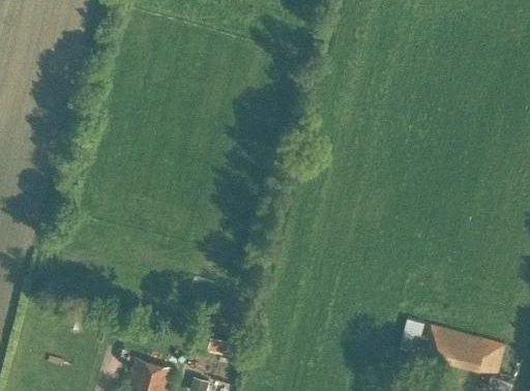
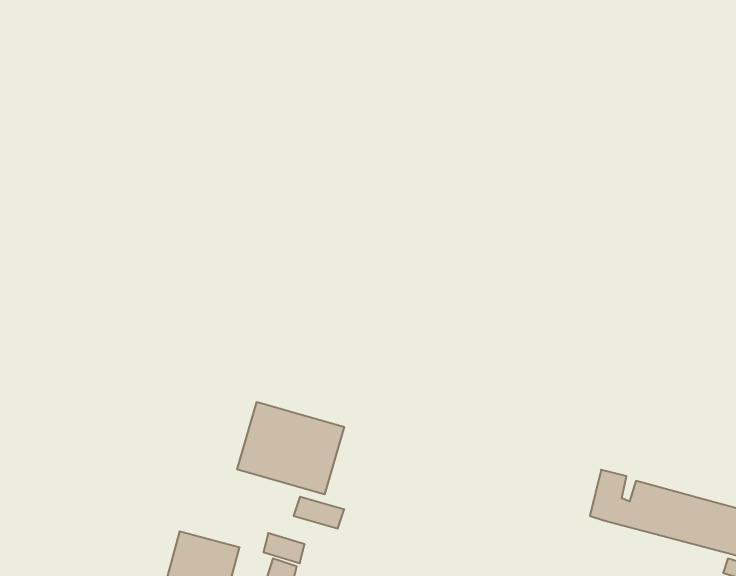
building: none -> [237,402,344,494]

